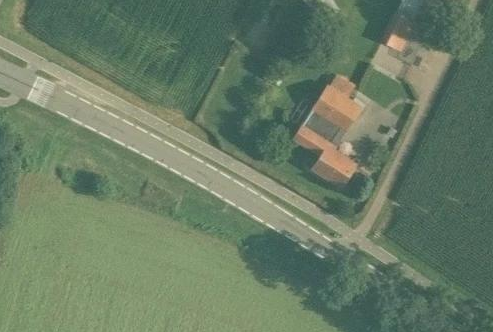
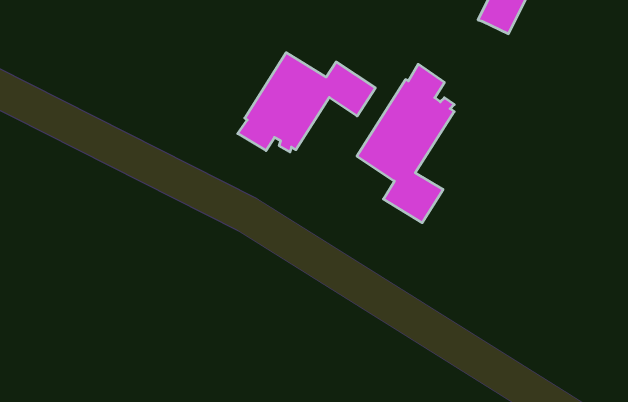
building: none -> [238,53,375,152]

